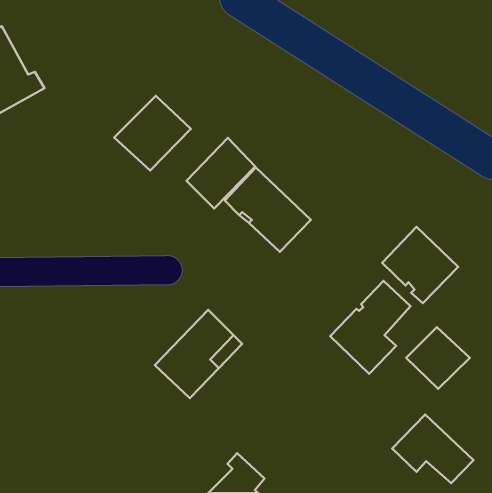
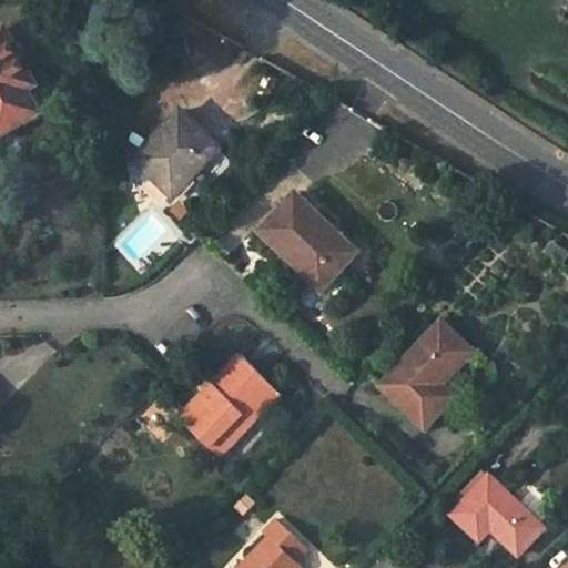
building: [187,138,255,209] -> none
building: [382,227,458,303] -> none
building: [406,327,470,389] -> none

